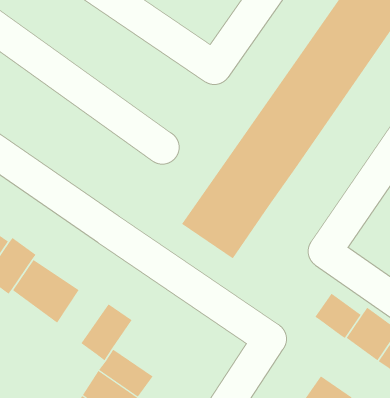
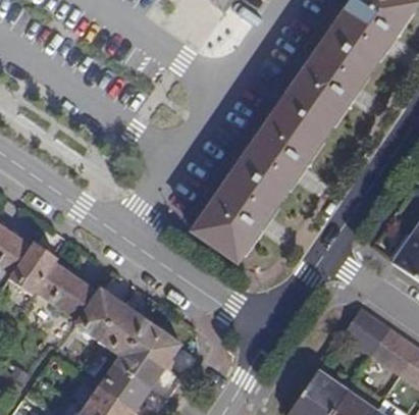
building: none -> [73,288,122,340]
building: [315,293,362,339] -> none
building: none -> [126,318,181,370]

